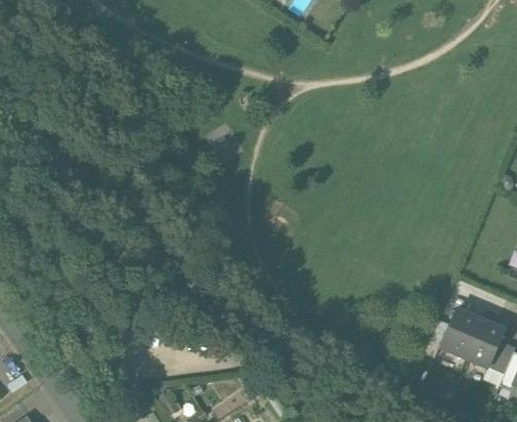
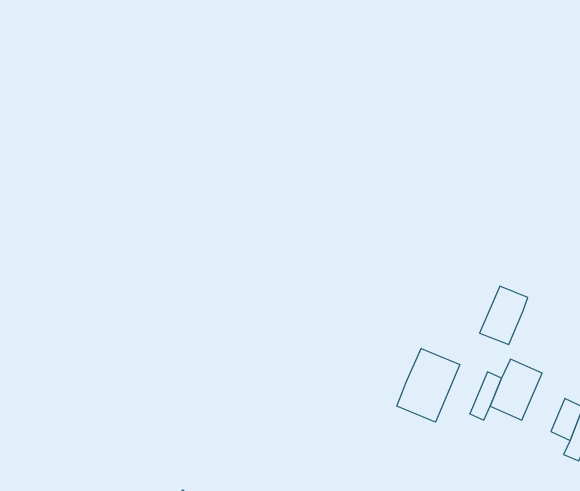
building: none -> [397,348,460,422]
building: [466,321,505,368] -> [480,286,528,345]

